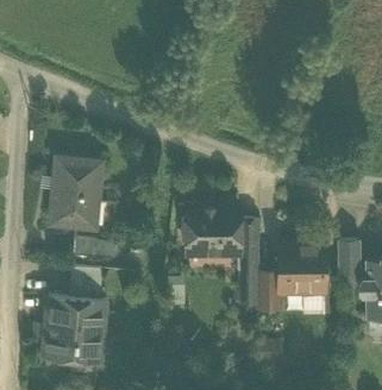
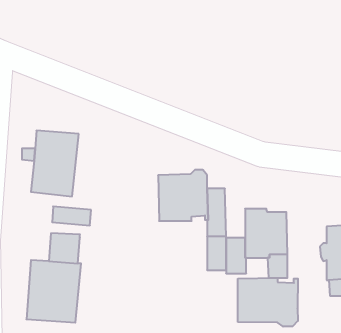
building: [338,241,361,272] -> none
building: none -> [238,278,298,327]

